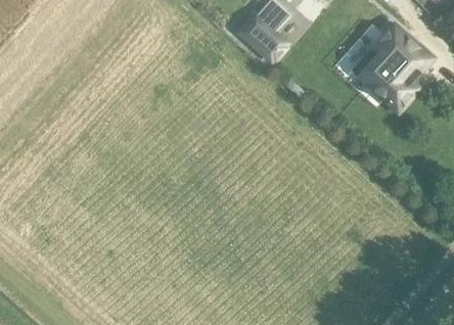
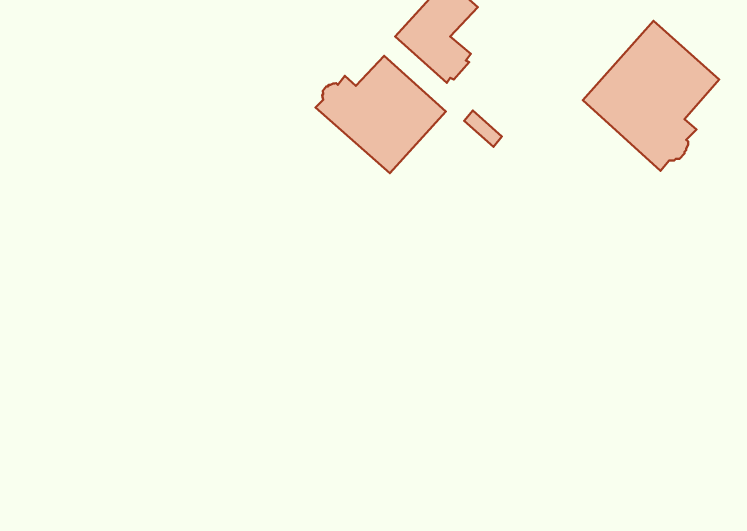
building: none -> [316,56,446,173]

